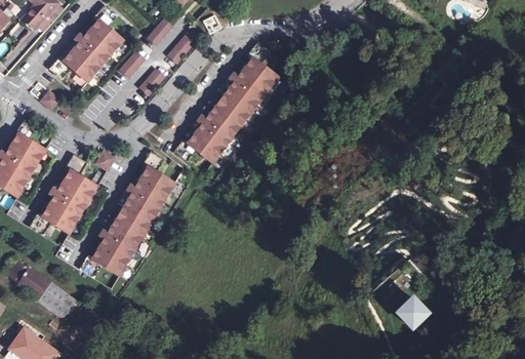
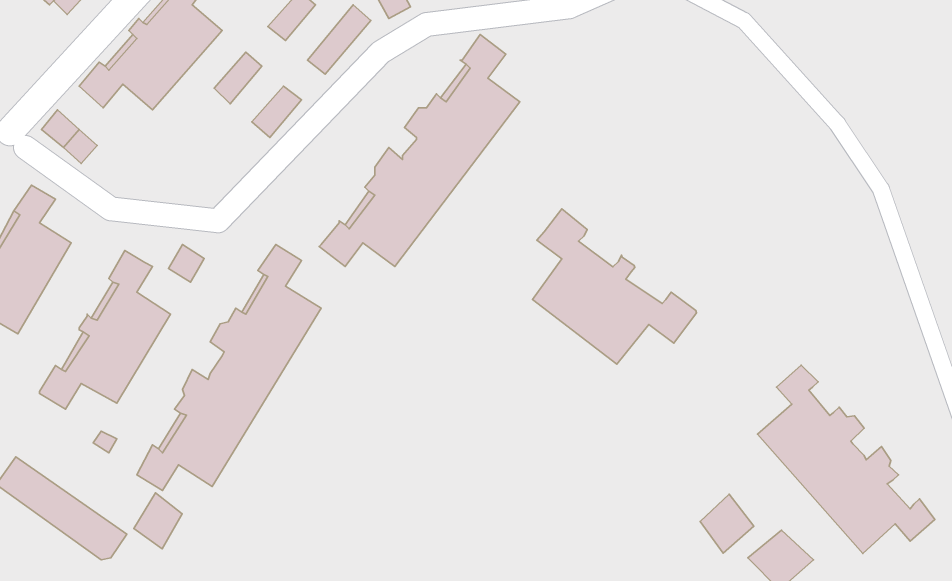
building: none -> [532,209,697,364]
building: none -> [758,365,935,553]
building: none -> [134,493,182,549]
building: none -> [700,494,754,553]

